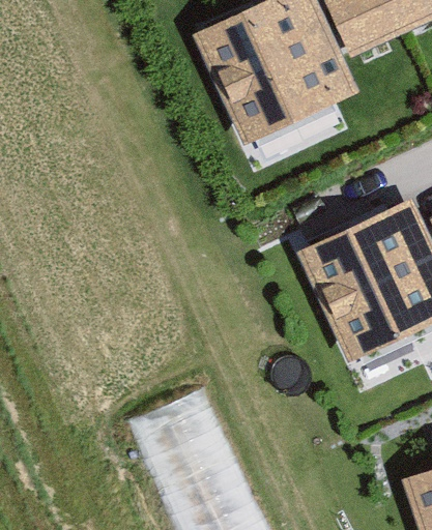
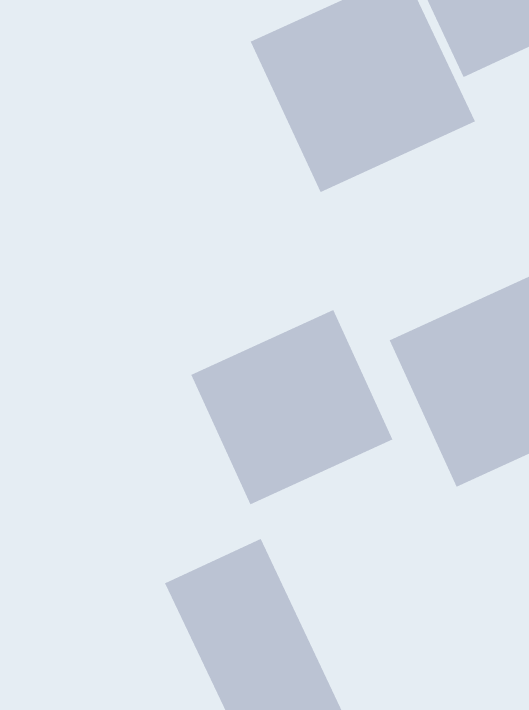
building: none -> [190,309,393,505]

